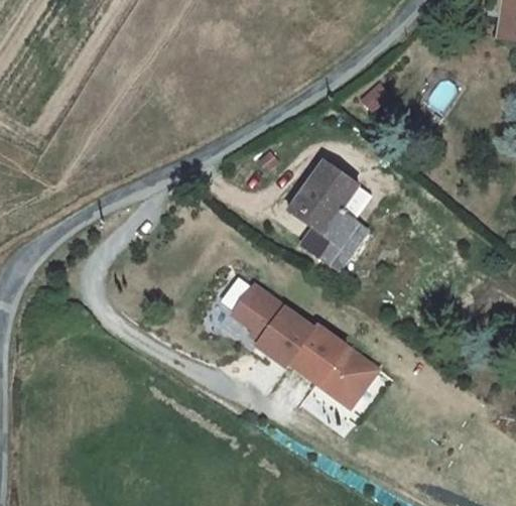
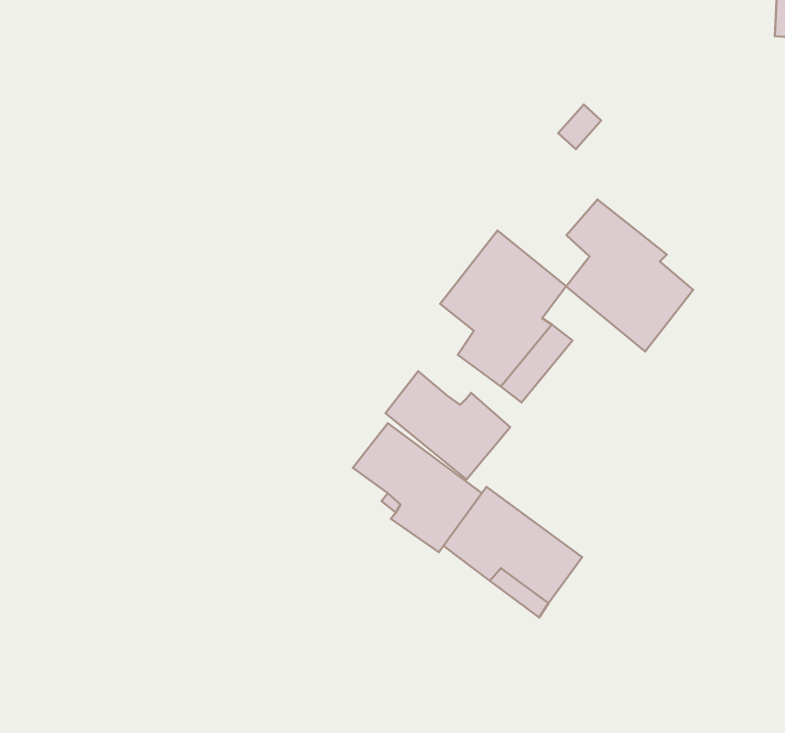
building: none -> [566,200,693,351]
building: none -> [386,371,510,479]

